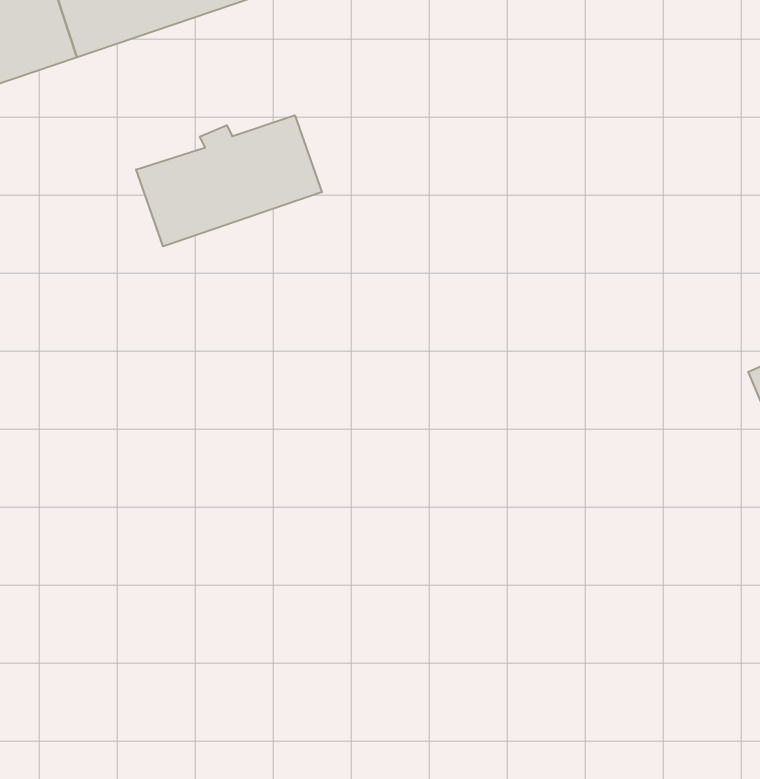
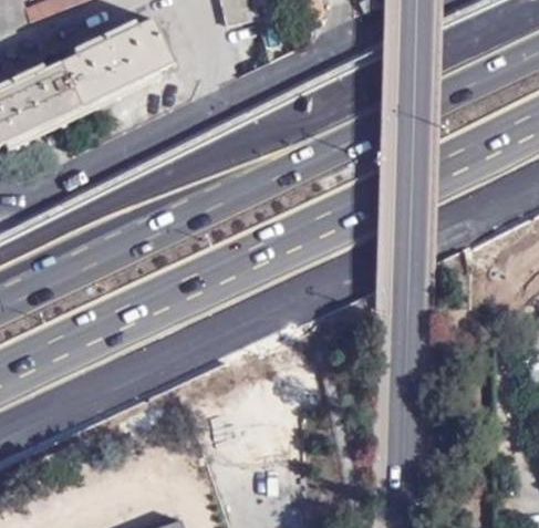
building: [136,115,322,246] -> none

